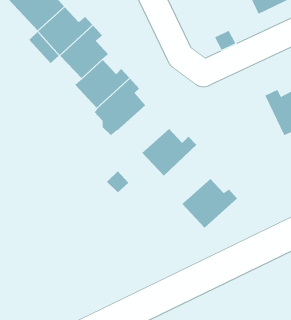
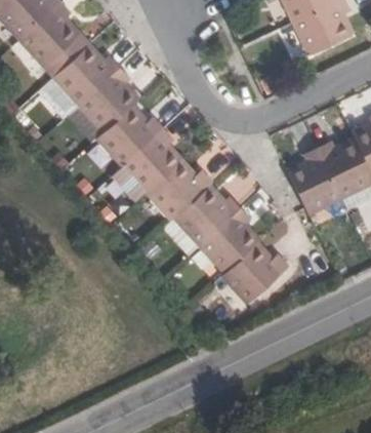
building: none -> [286,149,339,212]
building: none -> [146,160,211,219]
building: none -> [200,206,257,271]

